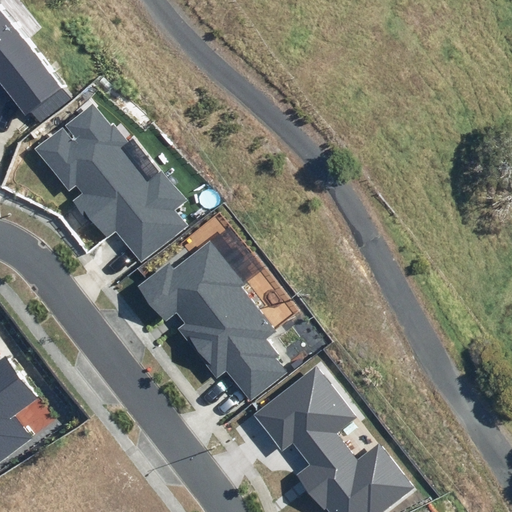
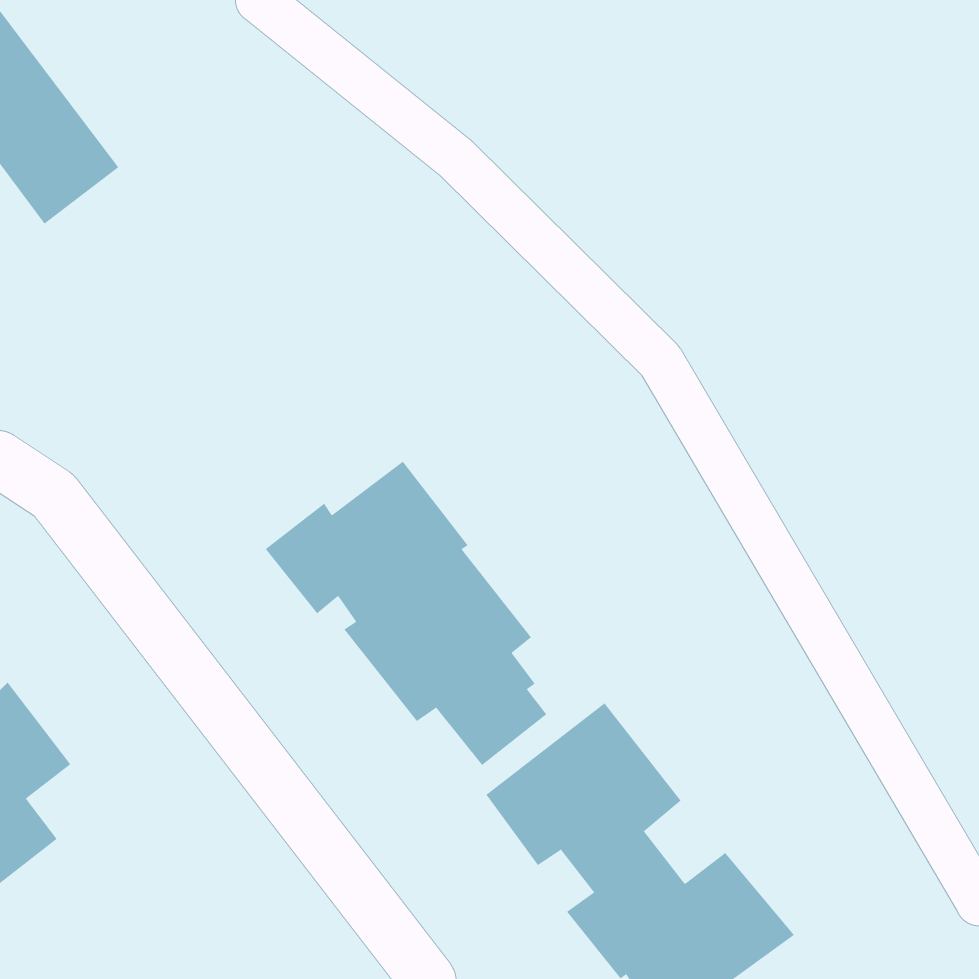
building: [34,103,185,263] -> none

